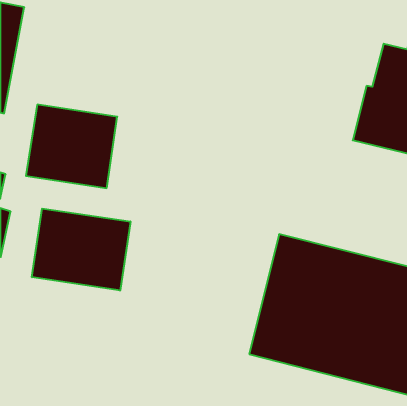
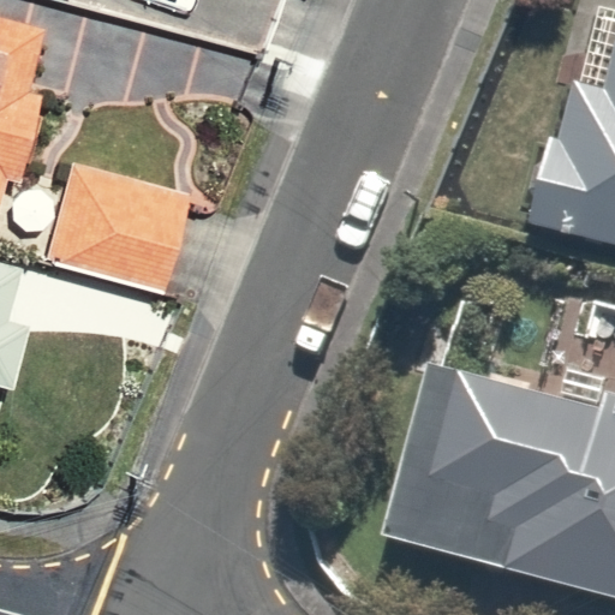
building: [32,209,130,291] -> none

